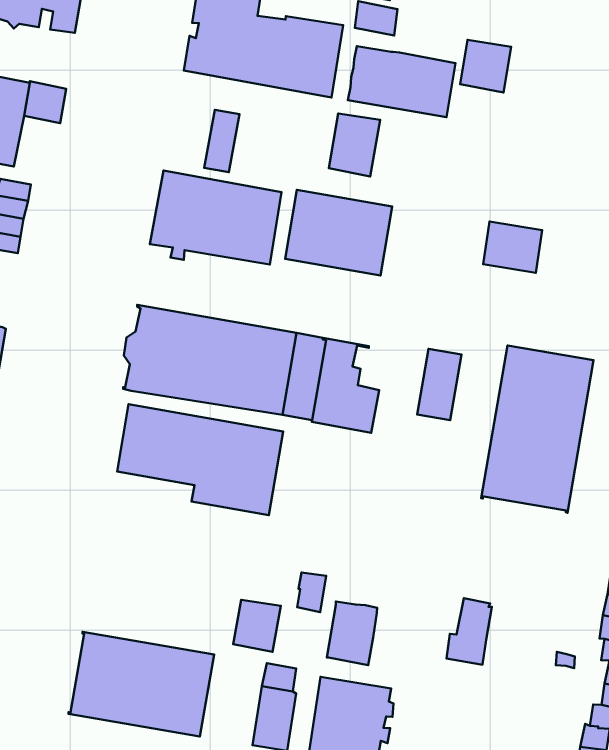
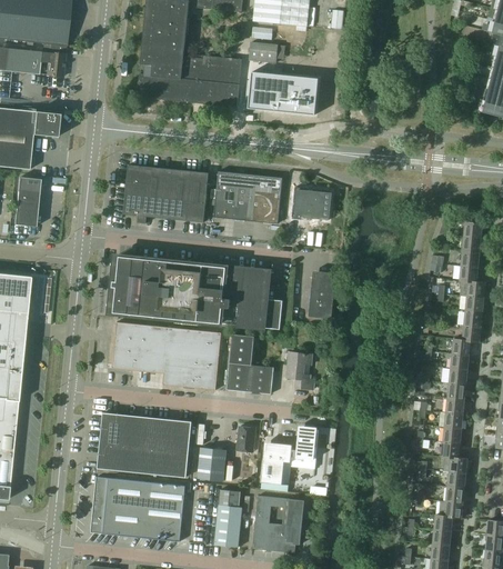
building: [460,40,511,92] -> none
building: [204,110,239,172] -> none
building: [329,113,380,177] -> none
building: [483,221,542,273] -> [292,187,330,219]
building: [481,345,594,513] -> none
building: none -> [227,333,274,393]
building: none -> [285,351,313,388]
building: none -> [97,411,191,476]
building: [446,598,492,664] -> [290,425,318,468]

